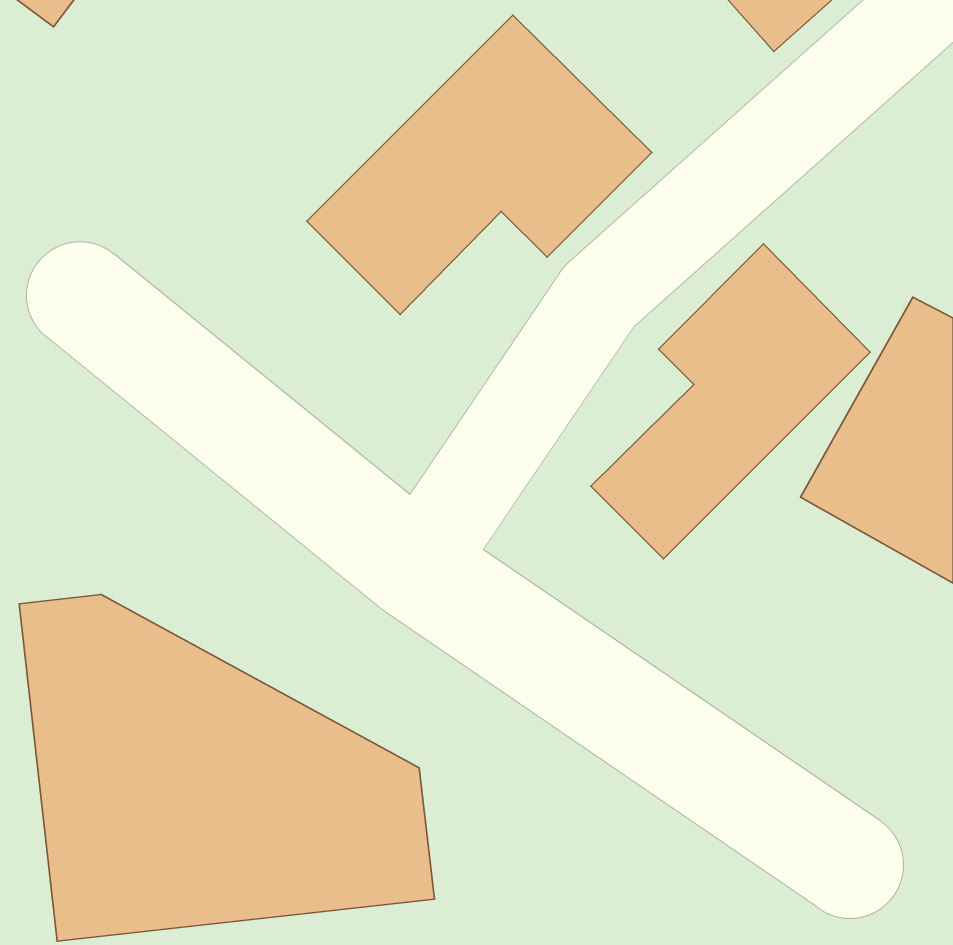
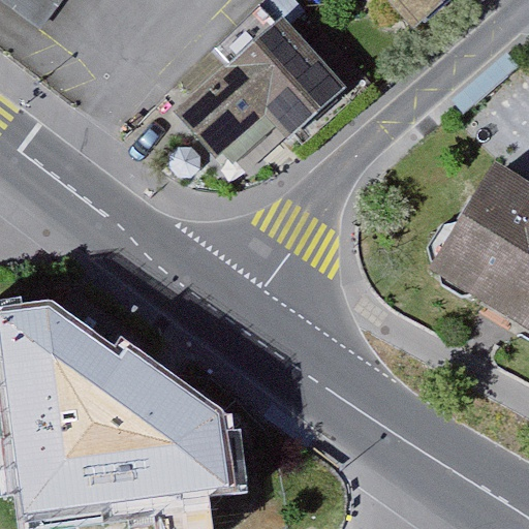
building: [591,244,870,559] -> none

